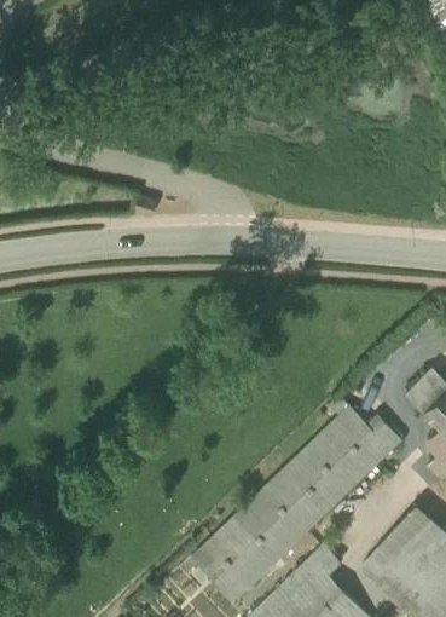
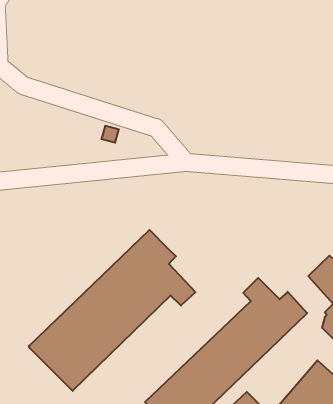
building: none -> [29,230,195,391]

